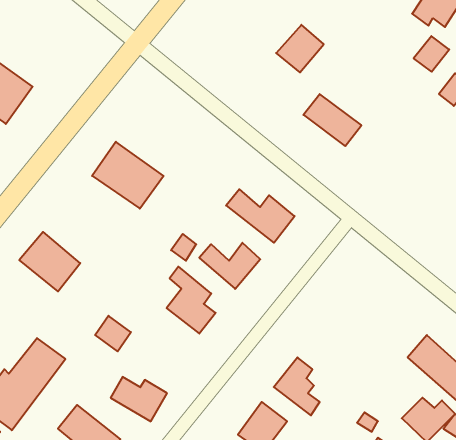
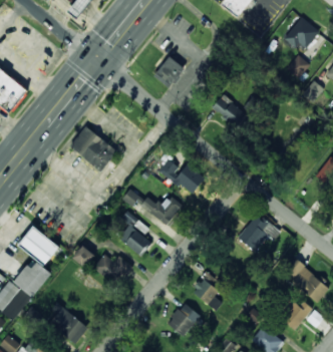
building: [276,25,324,72] -> [152,56,185,88]
building: [19,232,80,291] -> [17,226,58,266]
building: none -> [237,214,280,252]
building: [111,377,167,421] -> [94,255,132,285]

